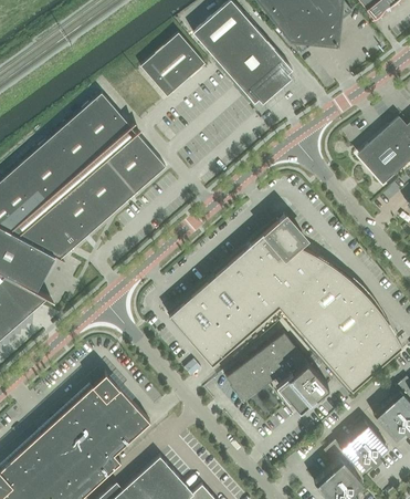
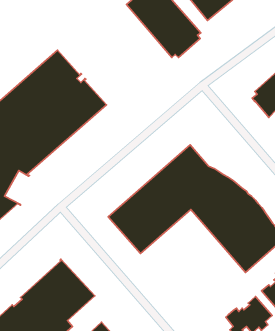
building: [140,34,204,97] -> none
building: [224,333,327,410] -> none

